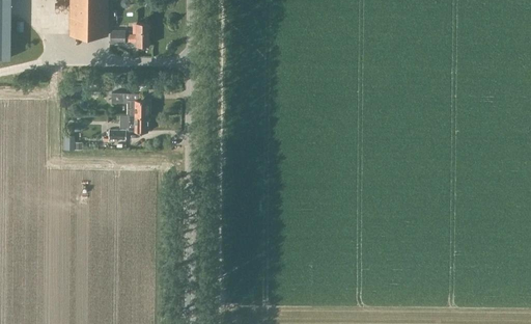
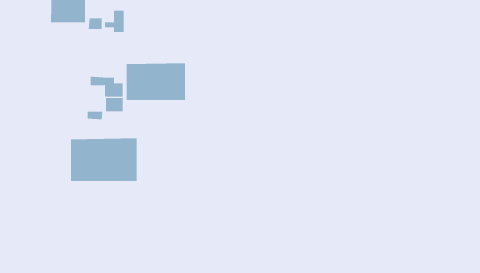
building: none -> [126,62,186,101]
building: none -> [71,138,137,182]

